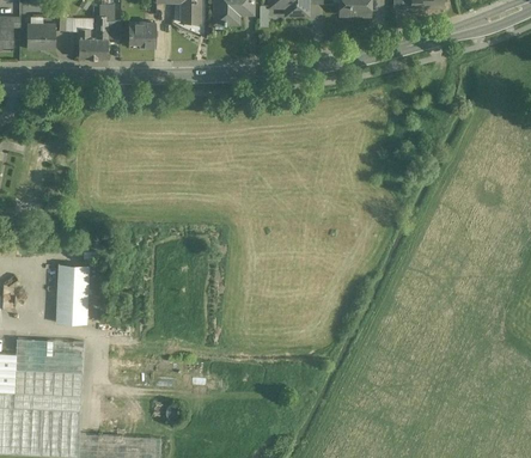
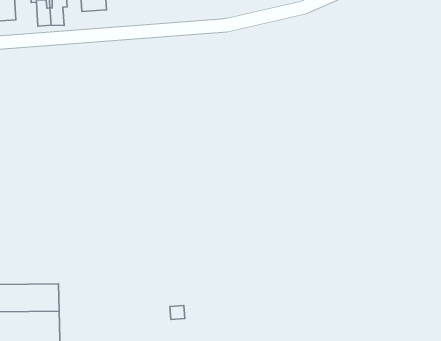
building: [55,264,89,324] -> none

